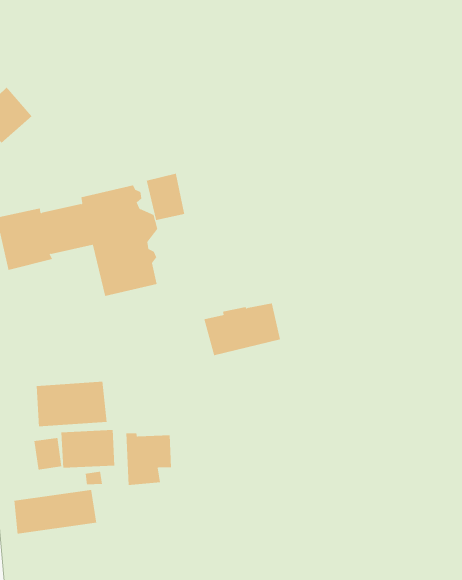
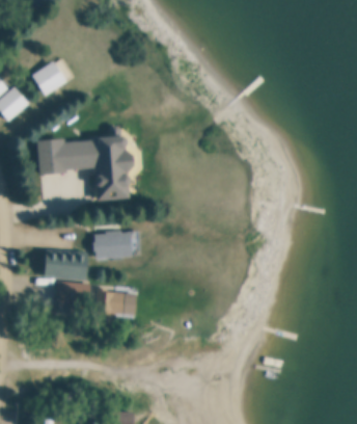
building: [146,173,185,221] -> none
building: [203,303,281,356] -> [94,230,141,258]
building: [14,489,97,534] -> none

